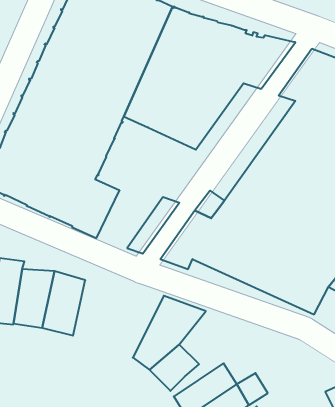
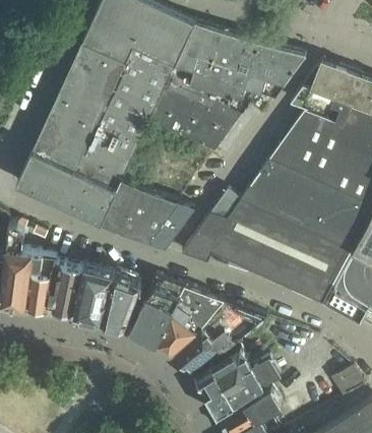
building: none -> [122,192,179,245]
building: none -> [101,274,140,331]
building: none -> [130,277,184,346]
building: none -> [198,303,266,357]

